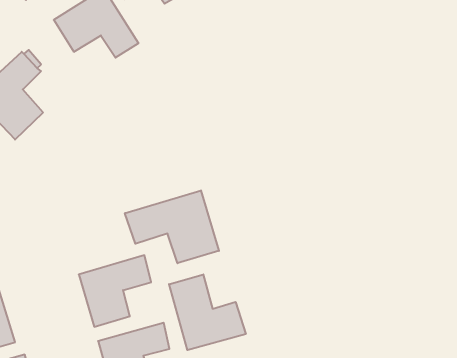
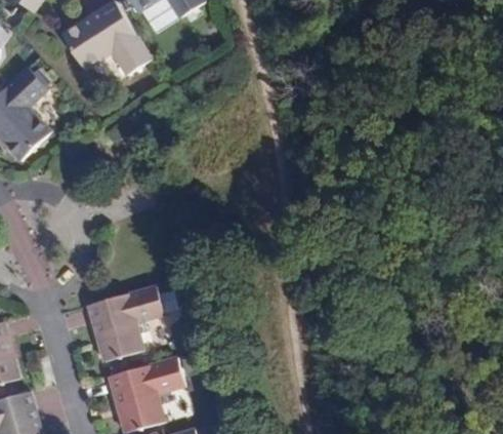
building: [125,190,219,263] -> none
building: [169,274,246,350] -> none

